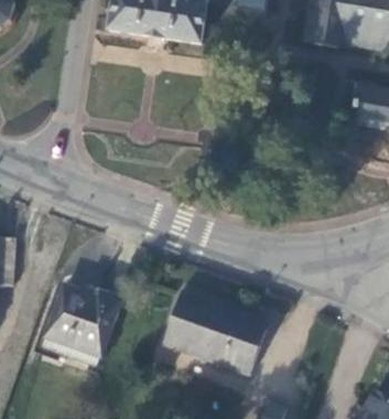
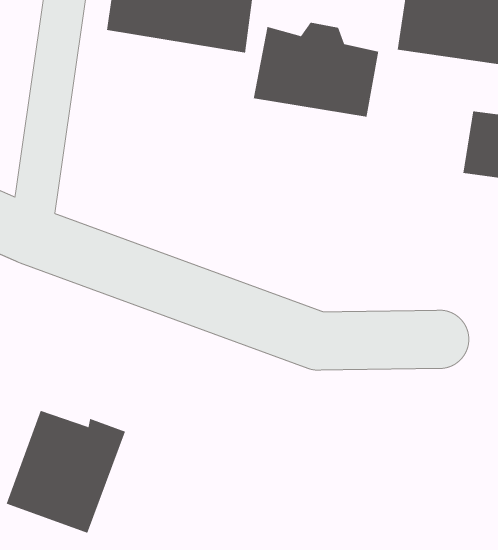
building: none -> [253,22,379,117]
building: [161,291,264,373] -> none

